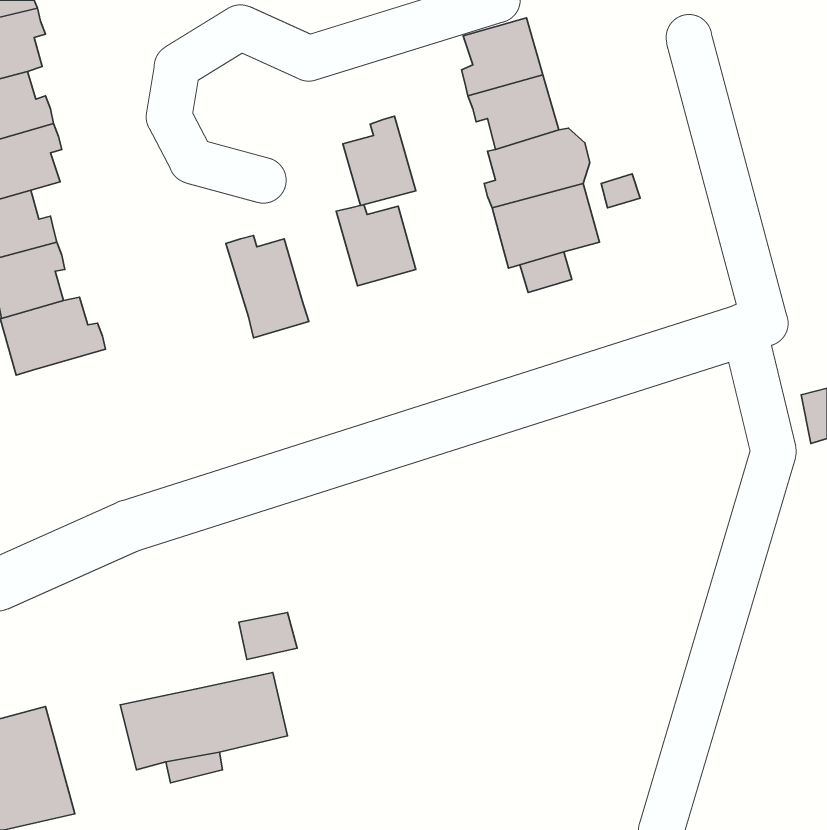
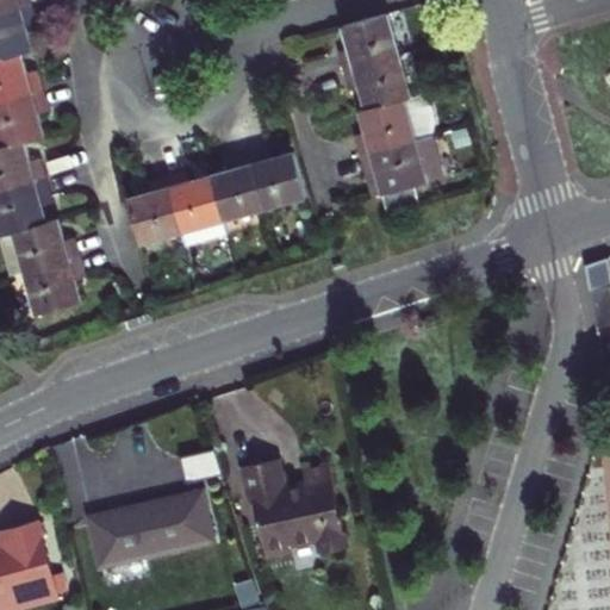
building: [343,116,416,206] -> [208,155,262,220]
building: none -> [126,179,182,244]
building: none -> [24,256,83,313]
building: none -> [241,460,344,556]

